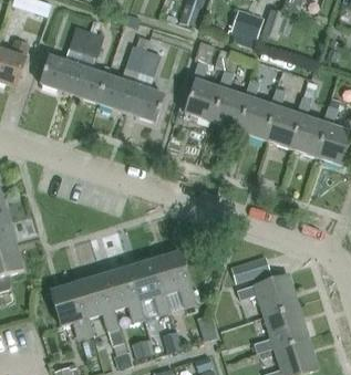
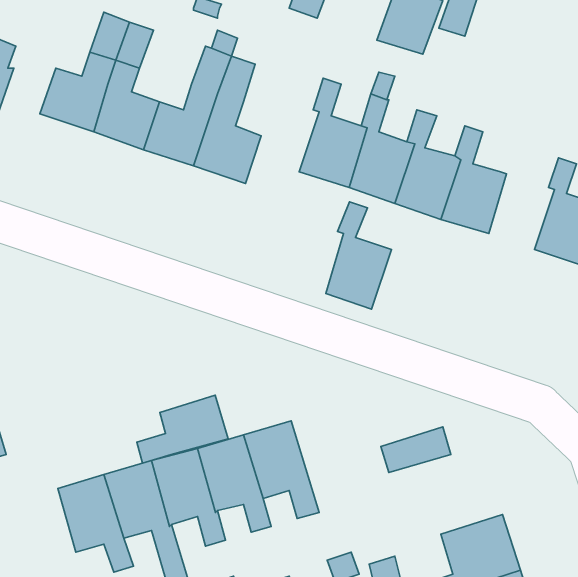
building: [290,96,327,156] -> [326,202,391,309]
building: none -> [137,395,228,463]
building: [236,271,298,314] -> none

